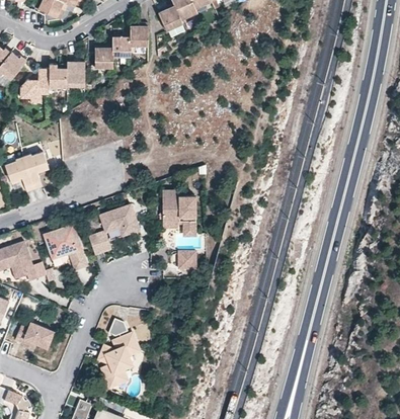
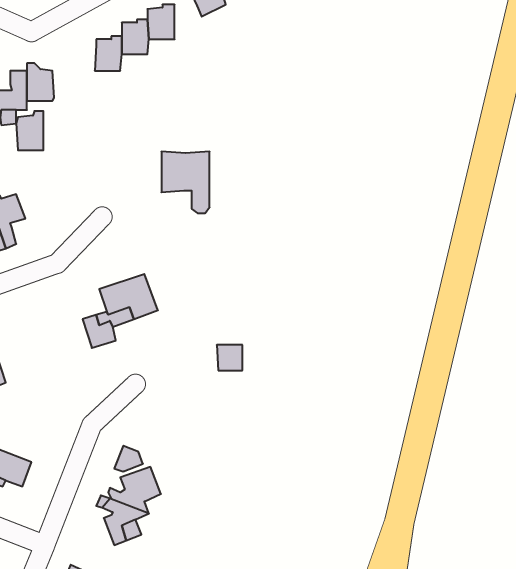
building: [68,60,86,86] -> [16,111,43,150]
building: [162,194,194,236] -> [161,152,210,213]
building: [44,224,87,270] -> none

